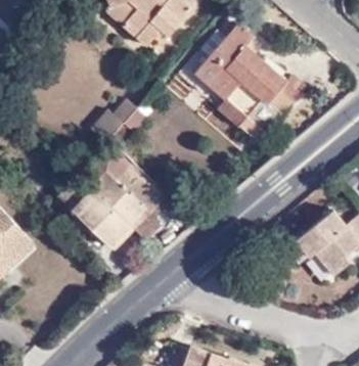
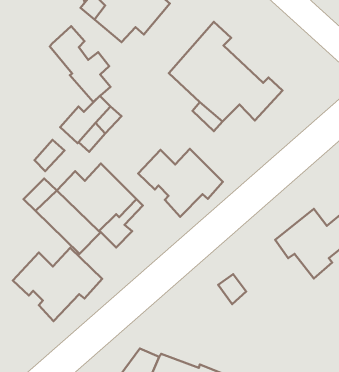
building: none -> [50,26,111,102]
building: none -> [138,149,223,217]
building: none -> [13,248,102,321]

